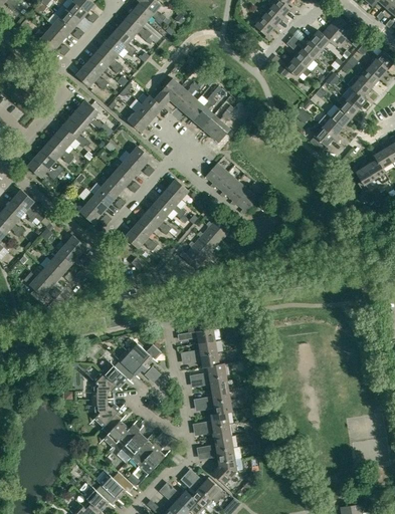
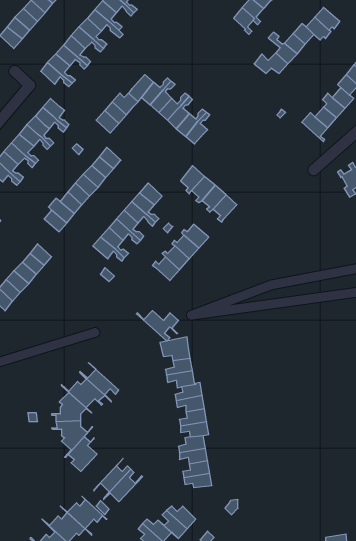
building: [311,122,339,152] -> none
building: [121,342,160,370] -> [136,311,179,341]
building: [108,424,153,463] -> none
building: [212,458,243,484] -> none

